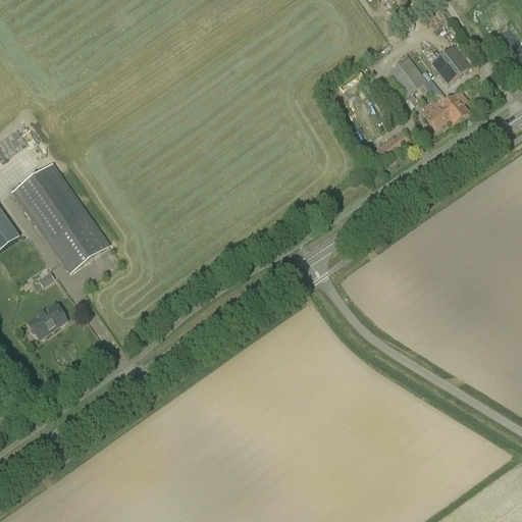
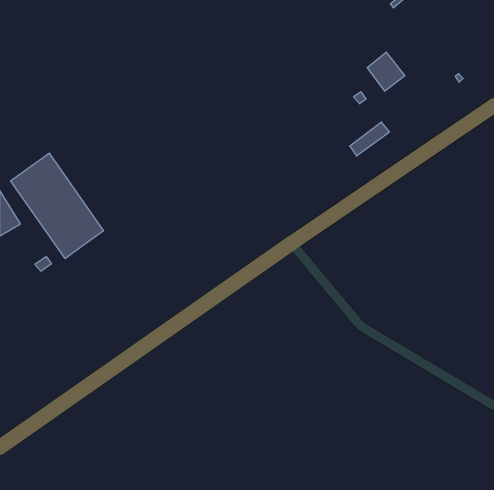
building: [430,43,471,83] -> none
building: [424,93,468,128] -> none
building: [25,300,67,340] -> none

